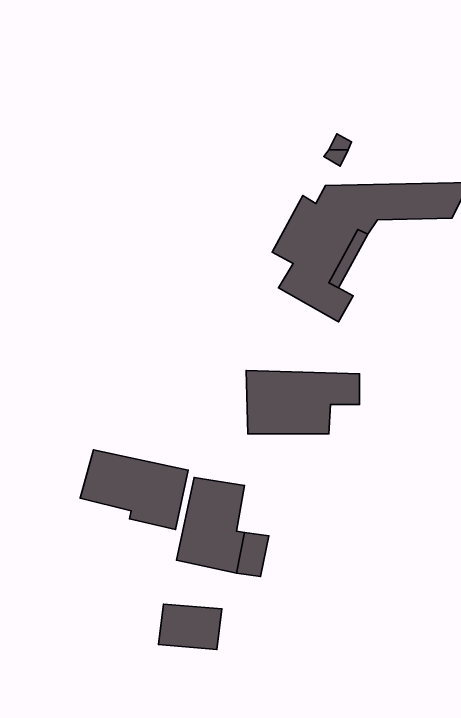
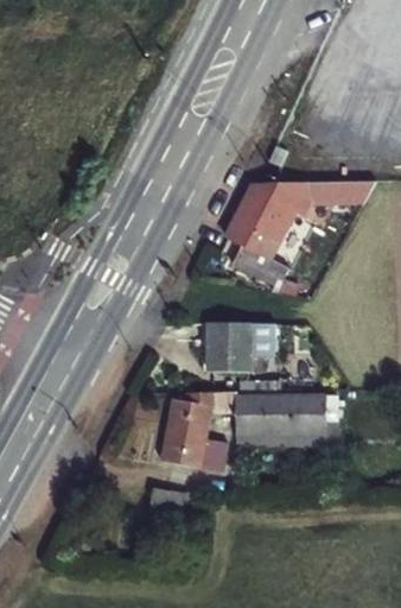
building: [80,450,188,529] -> none
building: none -> [208,390,324,432]

